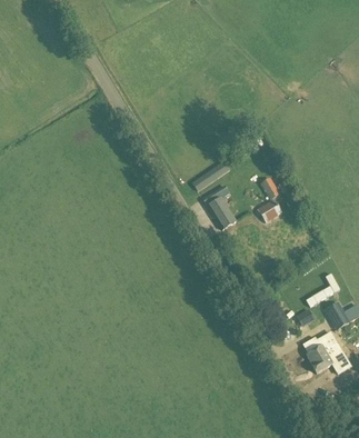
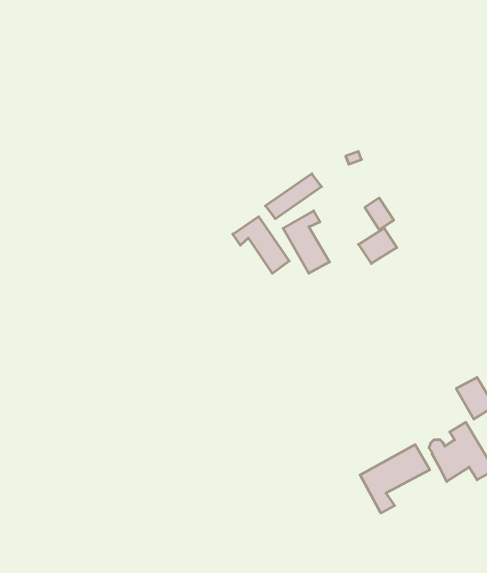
building: none -> [233,217,289,273]
building: none -> [360,445,430,513]

